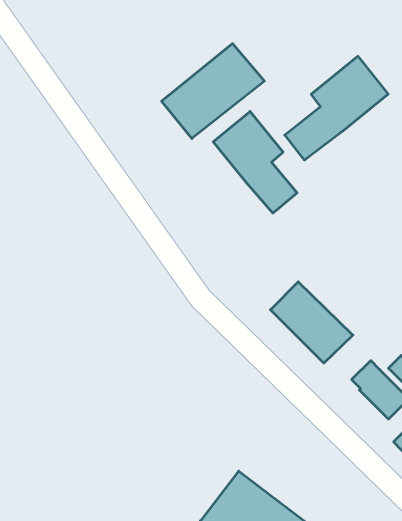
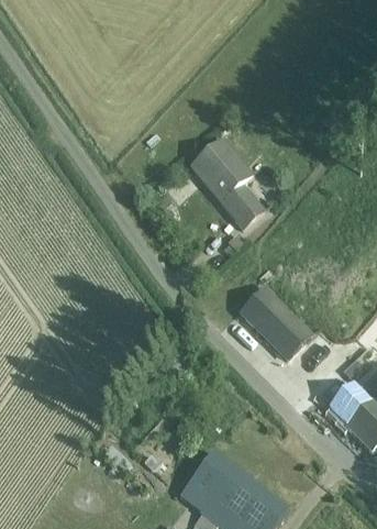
building: [162,44,264,139] -> none
building: [285,56,388,160] -> none

